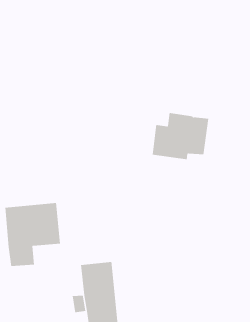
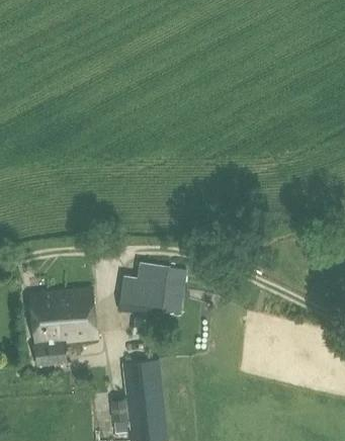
building: [152,113,209,160] -> [118,261,187,318]

